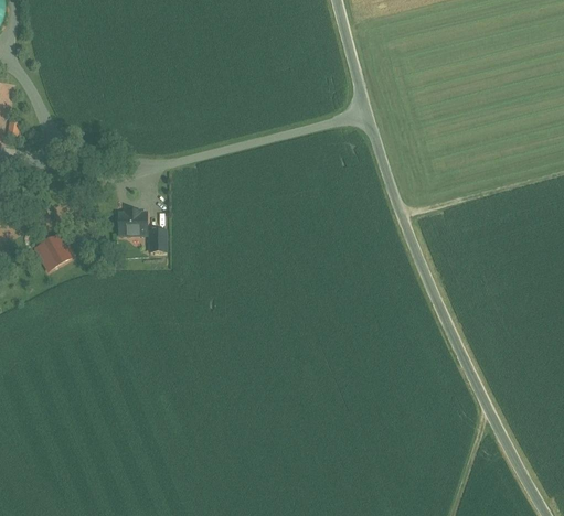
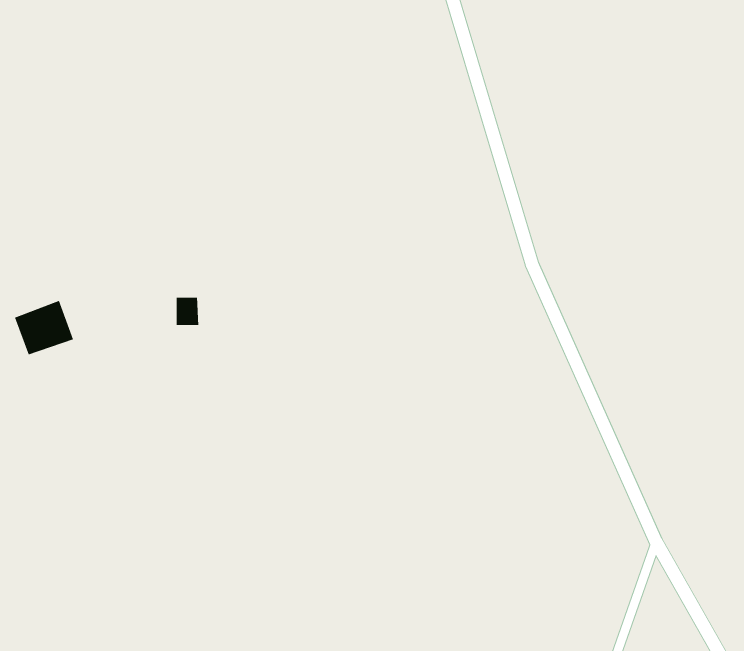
building: [117,211,145,234] -> none

